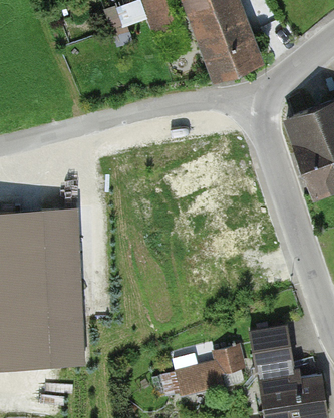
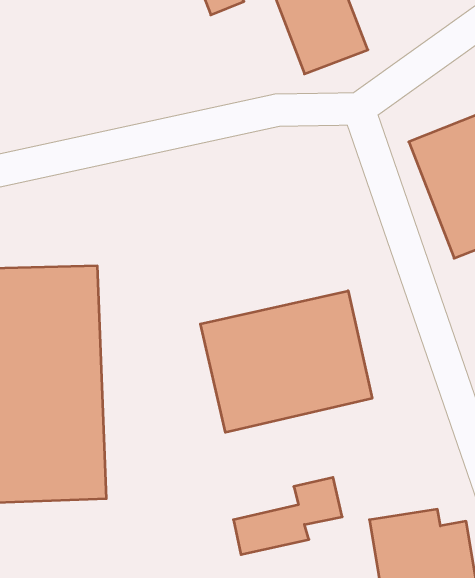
building: none -> [200,291,372,432]
building: [248,321,293,361] -> none

